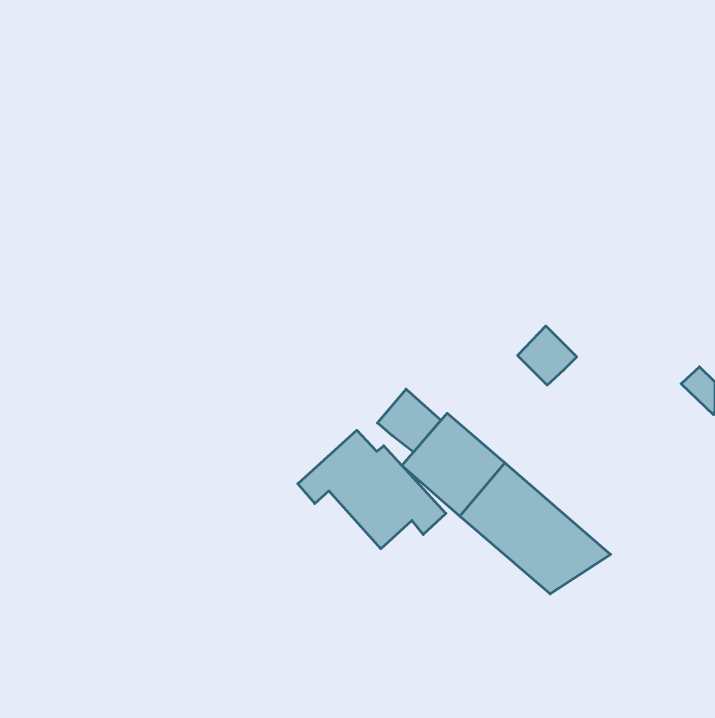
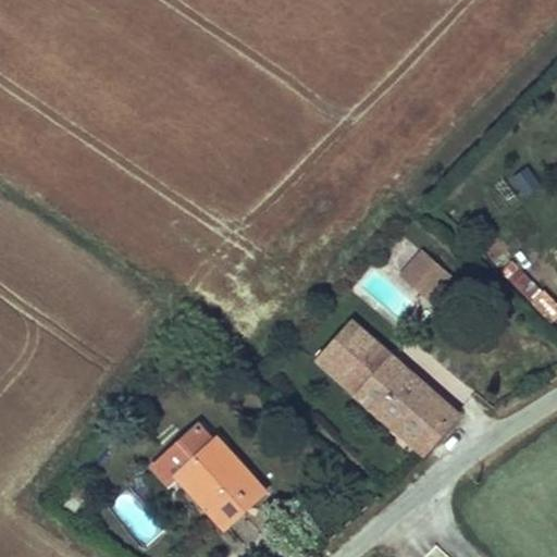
building: [377,389,441,452] -> none
building: [298,430,446,549] -> [153,423,268,515]

